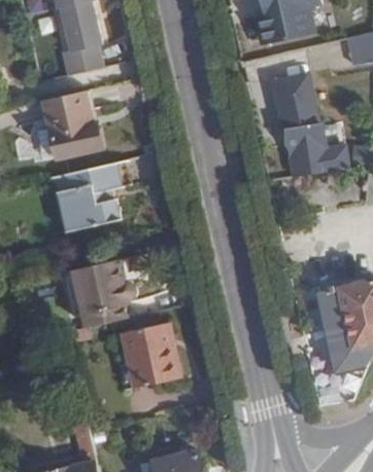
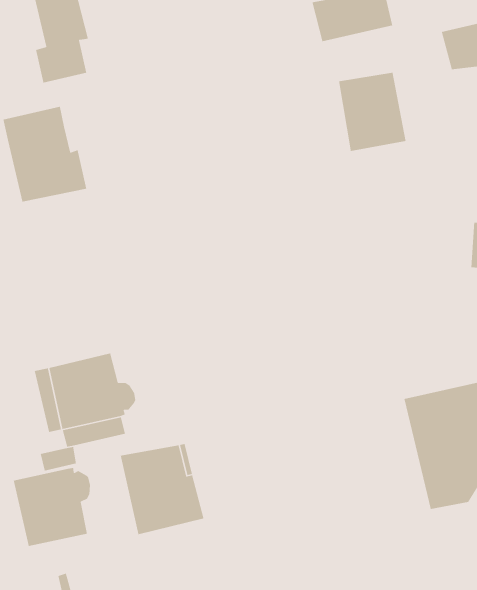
building: [280,116,350,175] -> none
building: [48,162,126,231] -> none
building: none -> [13,467,91,547]

